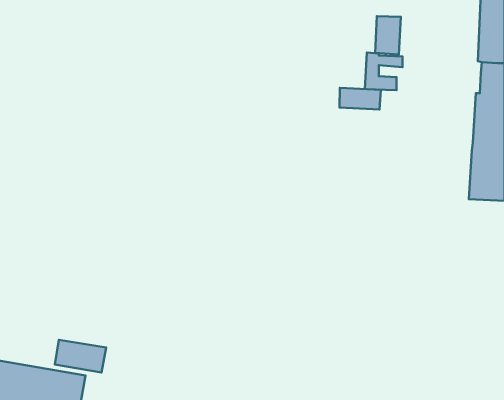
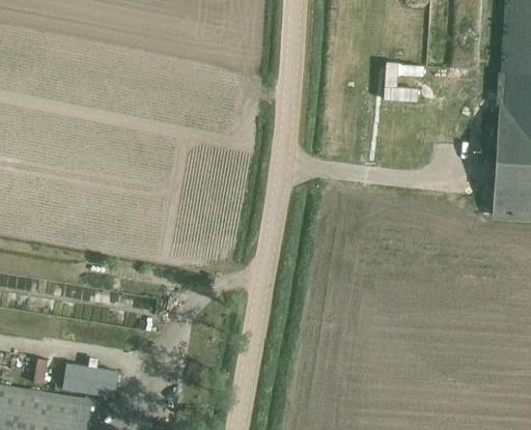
building: [375,16,401,54] -> none
building: [339,88,381,110] -> none

